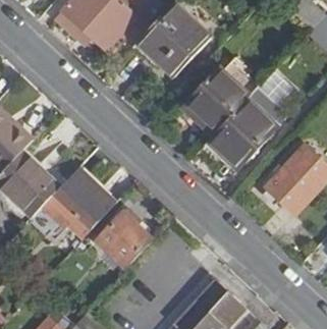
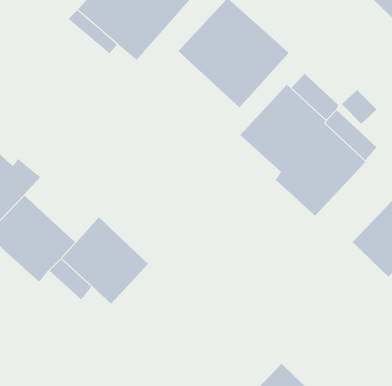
building: [97,212,153,269] -> none

